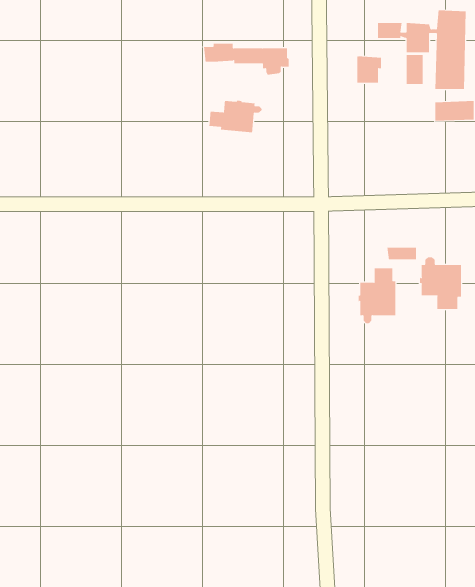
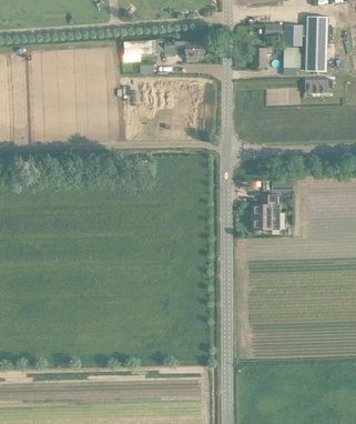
building: [209,100,262,133] -> none
building: [419,256,461,310] -> none

